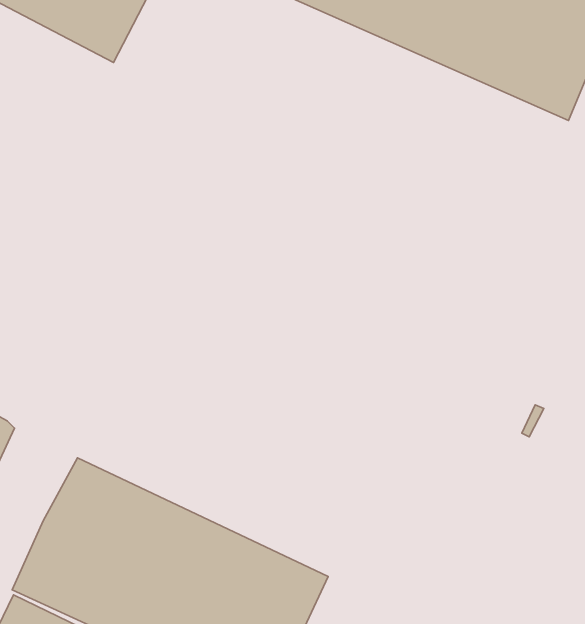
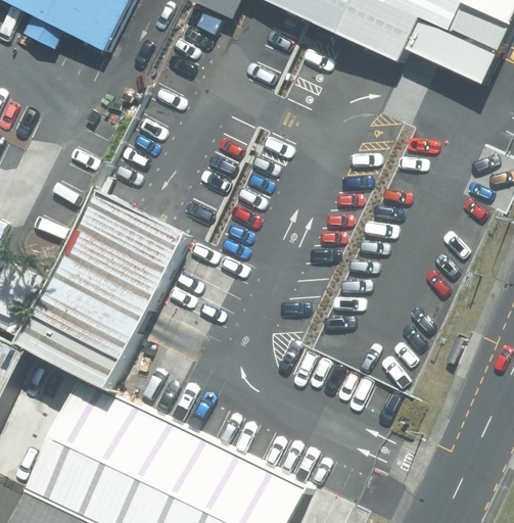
building: none -> [19,185,186,386]

